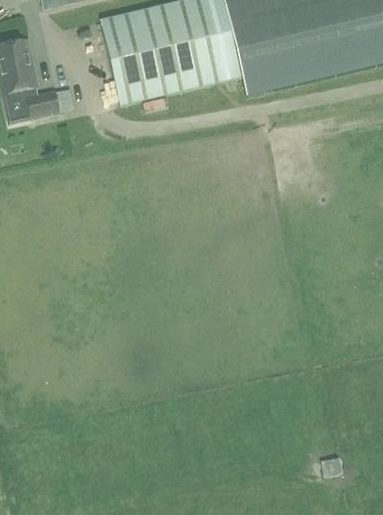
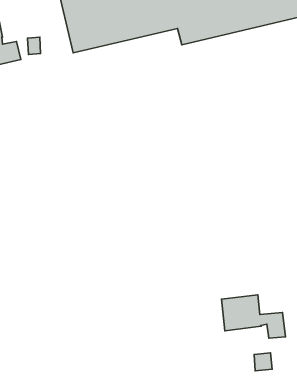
building: none -> [221,295,285,338]

